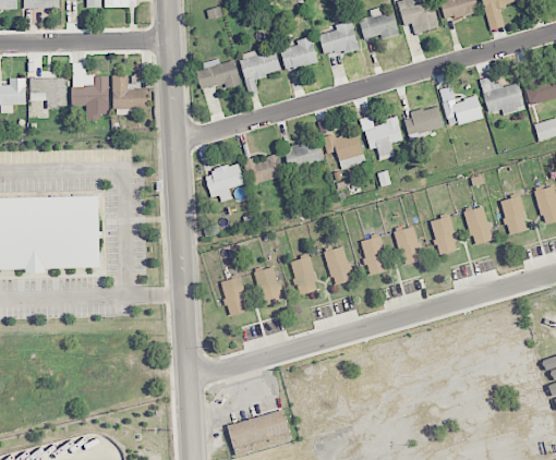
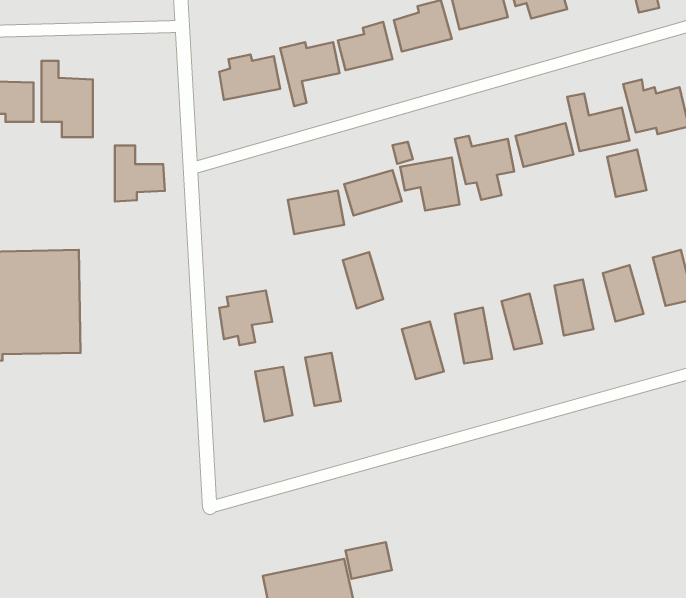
building: [113,76,148,116] -> [115,145,165,202]
building: none -> [607,149,646,197]
building: [206,164,243,202] -> [219,291,272,345]
building: [290,256,318,295] -> [343,252,383,308]
building: none -> [345,542,392,579]

